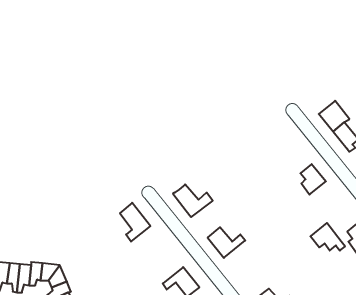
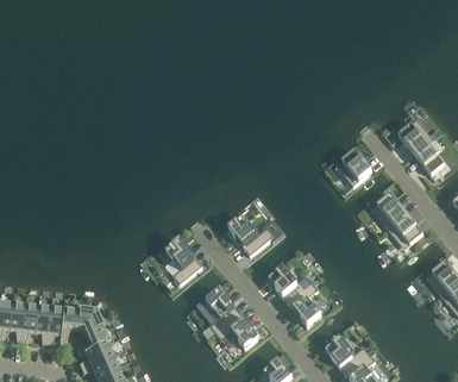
building: none -> [341,149,371,186]
building: [310,223,345,251] -> [387,213,427,245]
building: none -> [287,282,320,326]
building: none -> [206,289,239,332]

